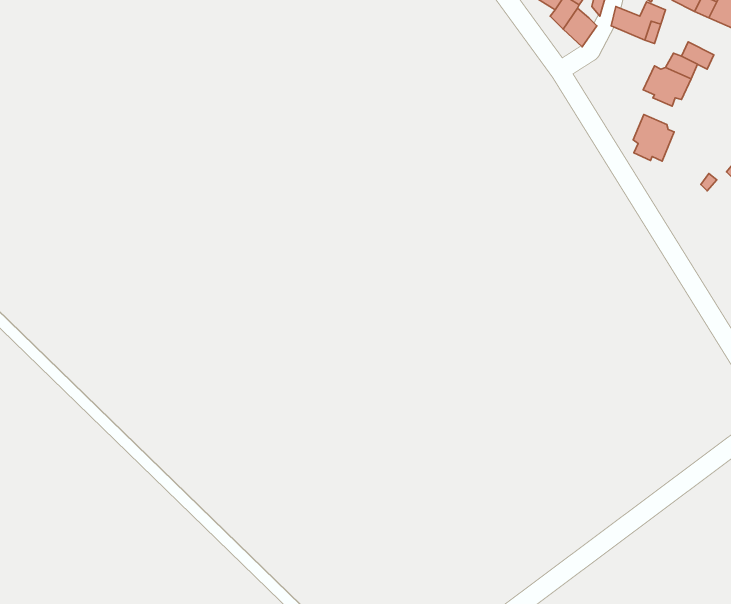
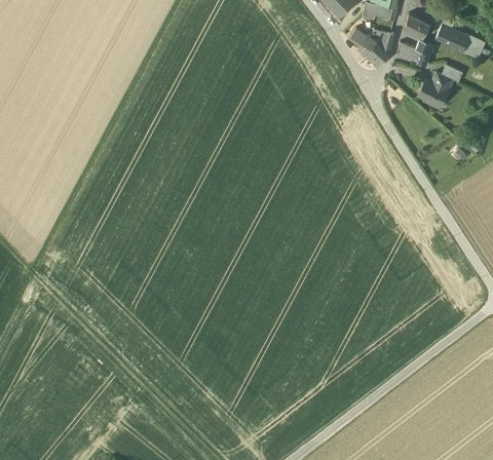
building: [633,114,674,161] -> none

